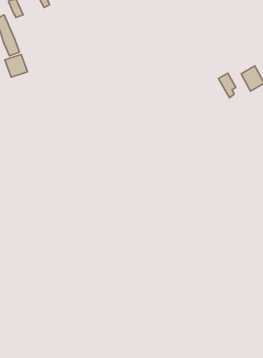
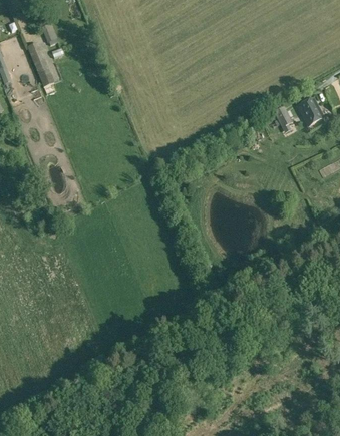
building: [5,55,28,77] -> none

